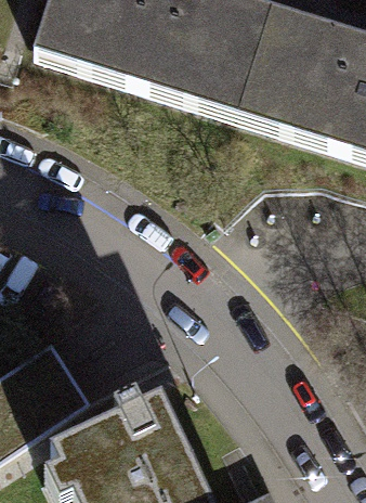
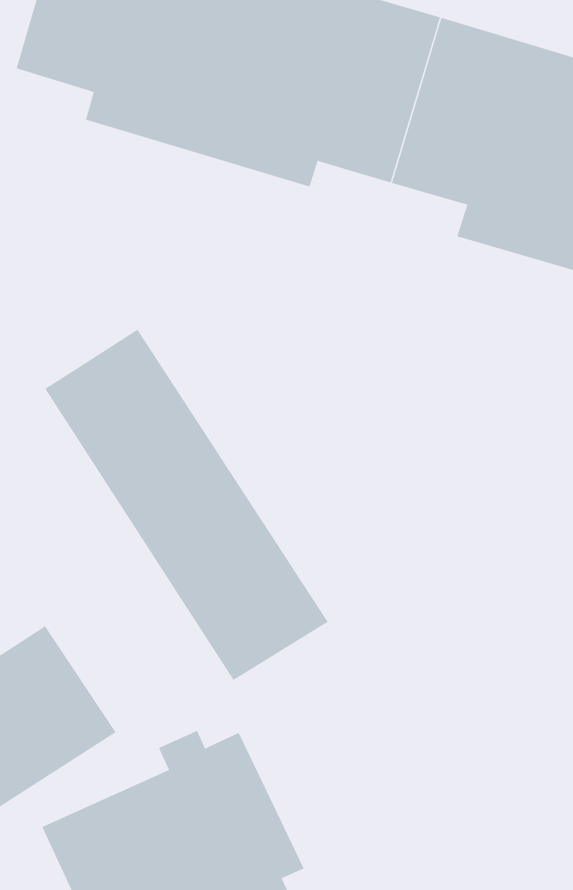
building: none -> [45,329,328,681]

